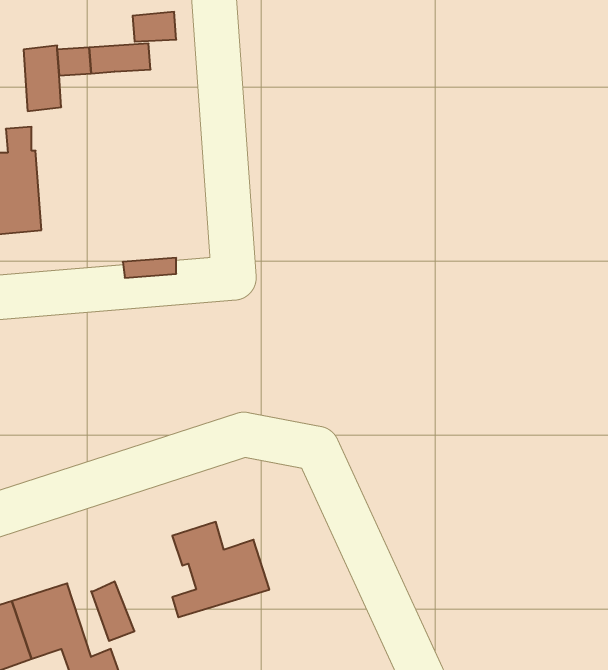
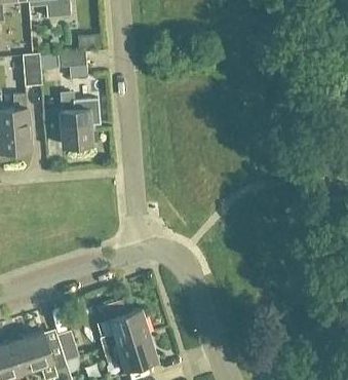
building: none -> [60,92,100,147]
building: none -> [102,335,157,371]

